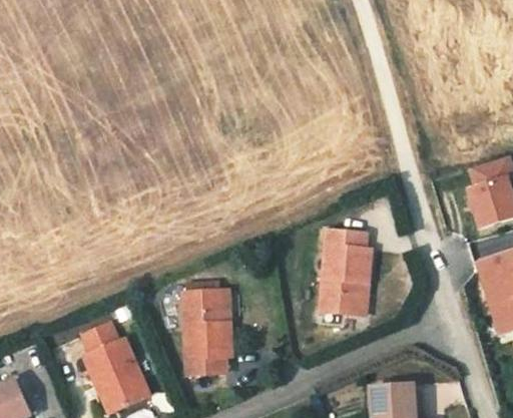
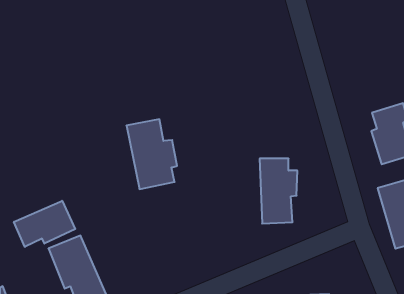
building: none -> [14,201,75,247]
building: [183,288,246,375] -> [126,119,177,189]

